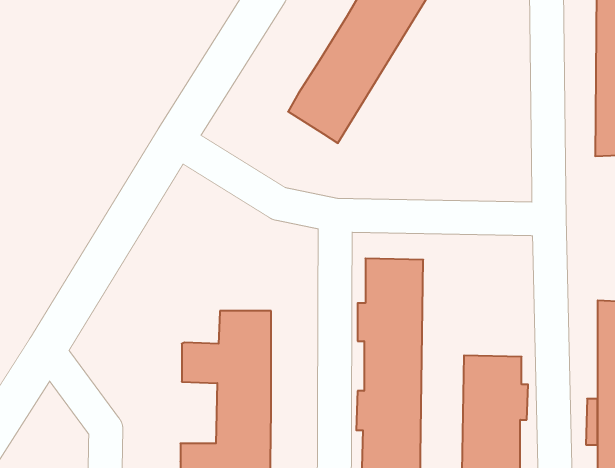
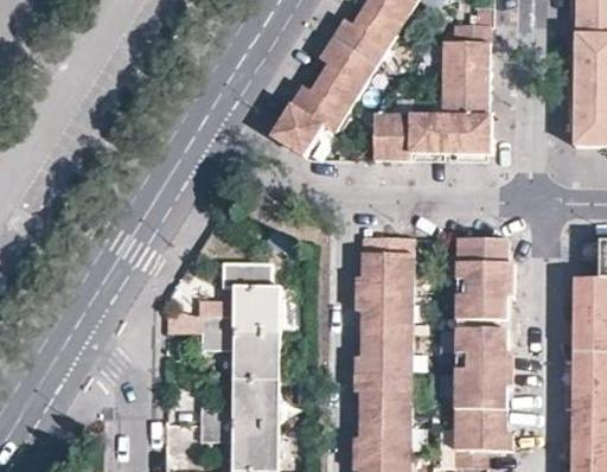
building: none -> [376,25,493,161]
building: none -> [273,104,326,158]
building: none -> [453,235,511,318]

